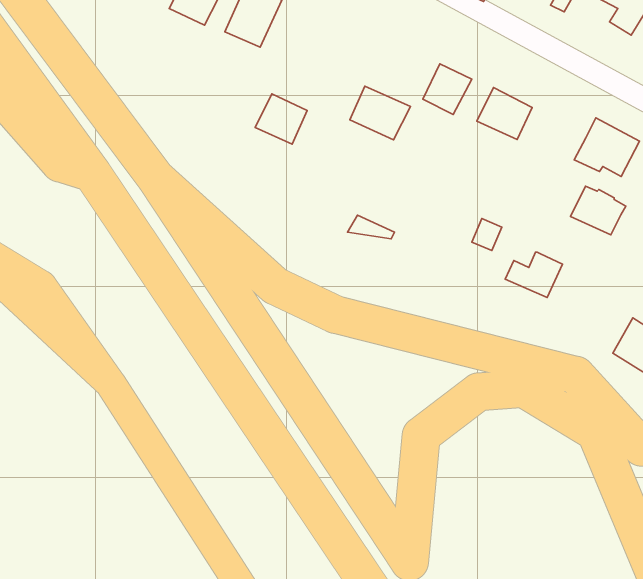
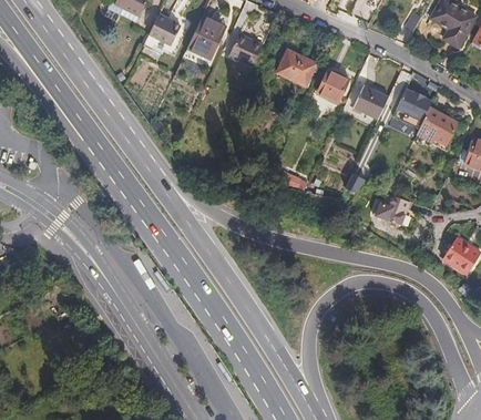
building: [350,86,410,140] -> [277,50,317,85]
building: [255,94,307,144] -> [227,33,262,66]
building: [570,186,626,235] -> [398,85,434,117]

